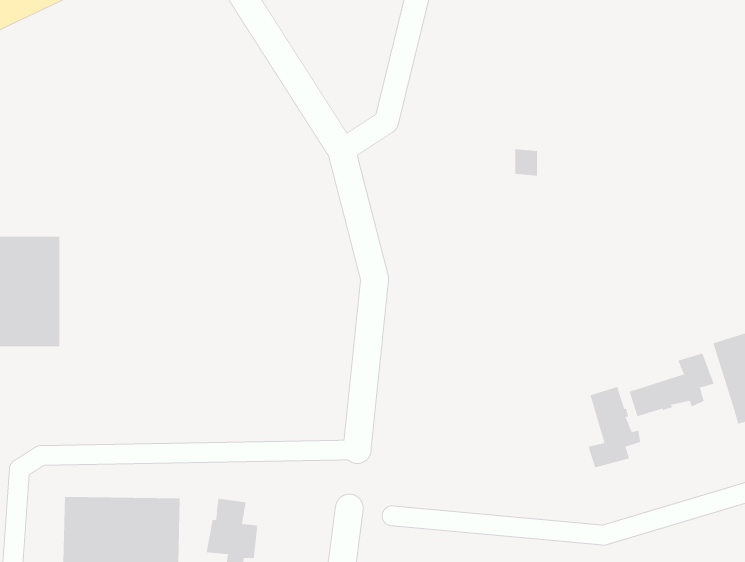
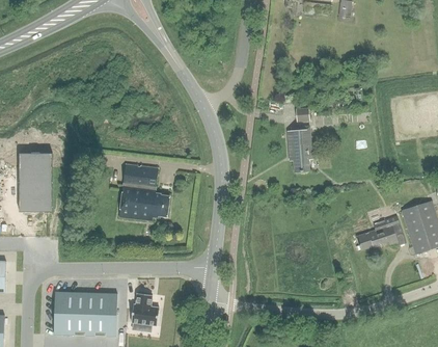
building: none -> [286,126,311,172]
building: none -> [118,164,168,221]
building: [588,386,641,468] -> none

